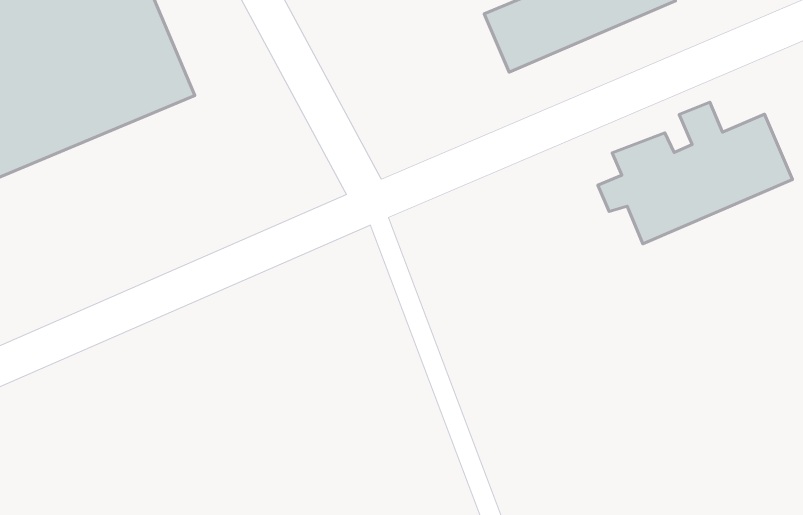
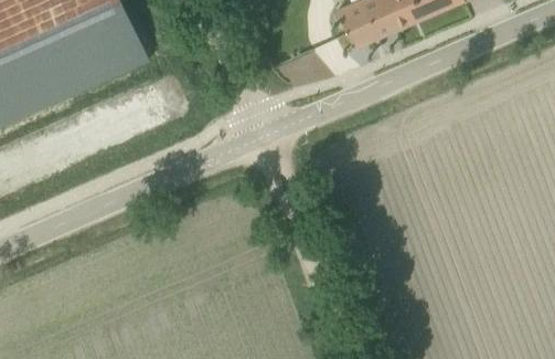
building: [598,102,793,244] -> none

